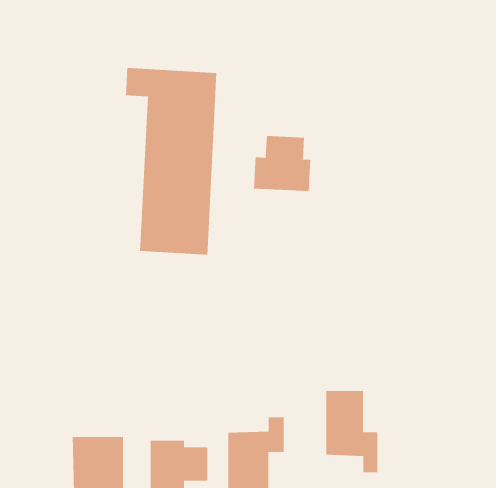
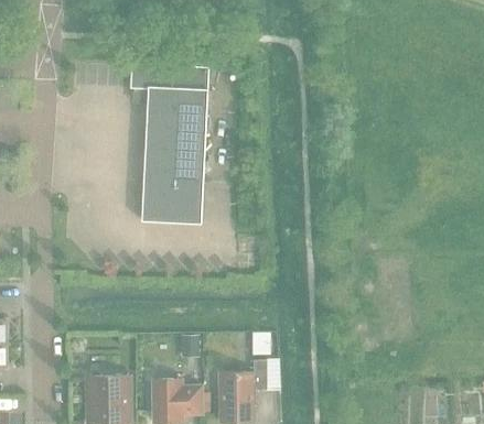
building: [253,135,311,192] -> none
building: [325,390,378,473] -> none

